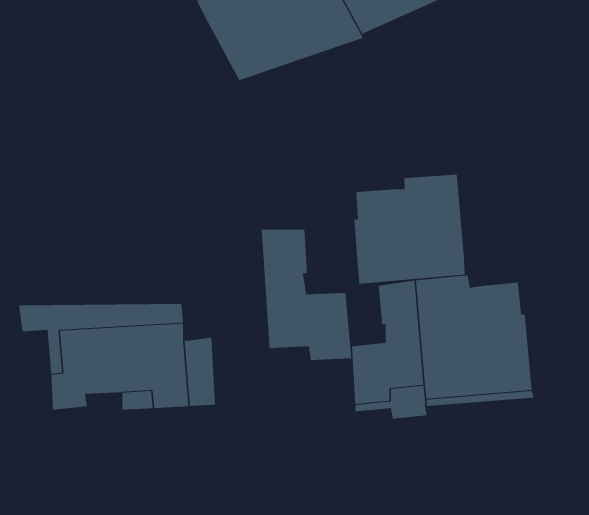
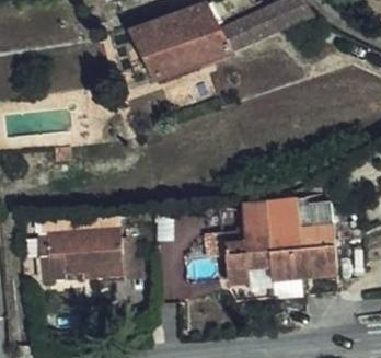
building: [354,174,465,284] -> none
building: [261,229,352,361] -> none

